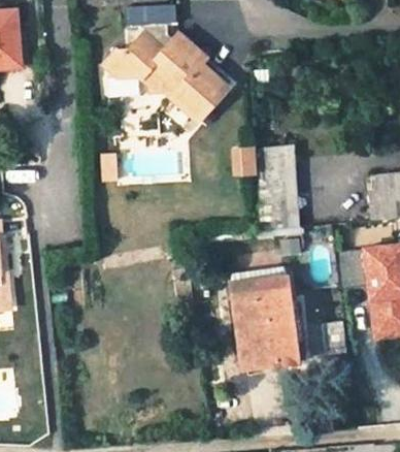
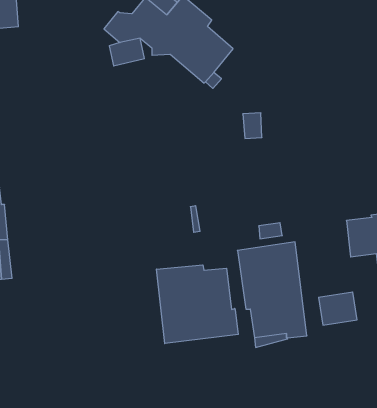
building: [257,143,300,230] -> none
building: none -> [157,265,238,344]

